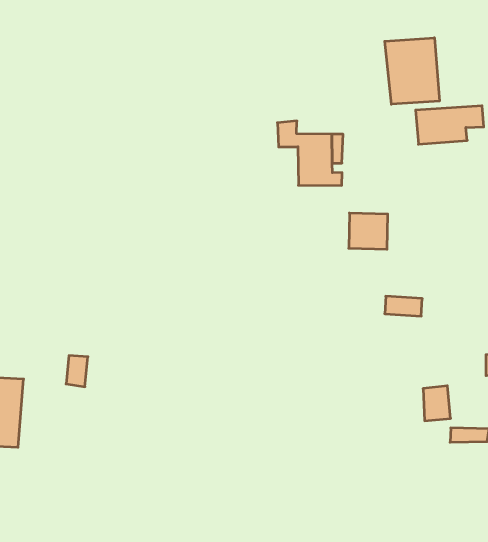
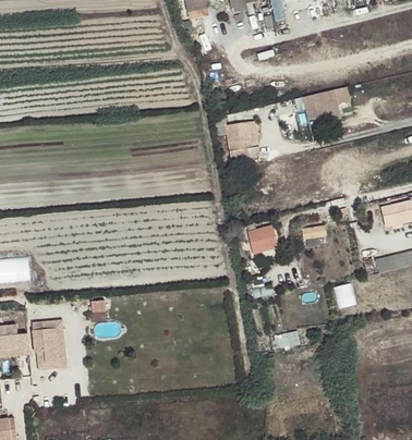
building: [385,38,439,104] -> none
building: [349,213,388,249] -> [249,224,278,252]

